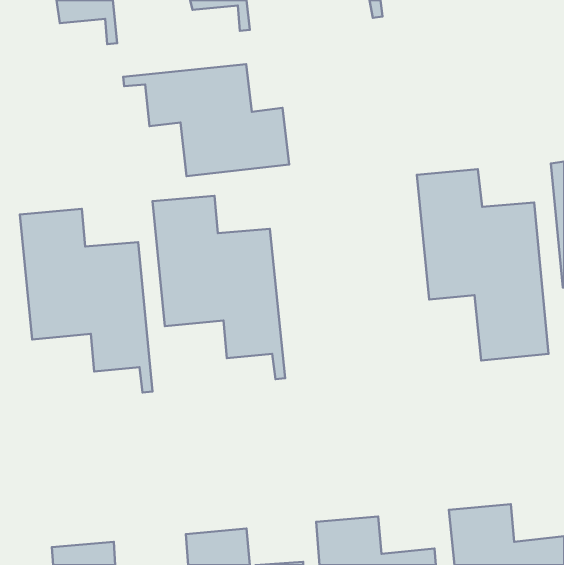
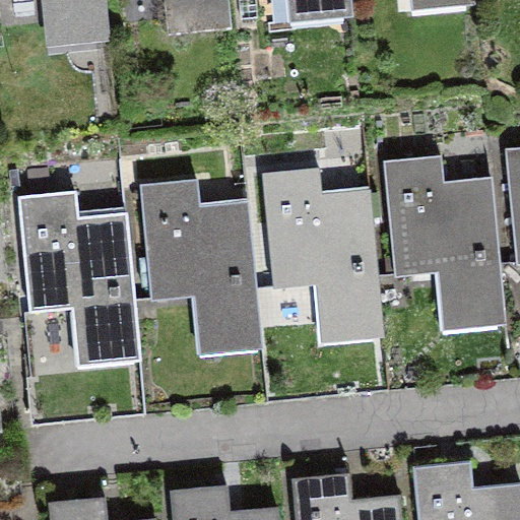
building: [123,64,289,176] -> none
building: none -> [261,168,383,344]

